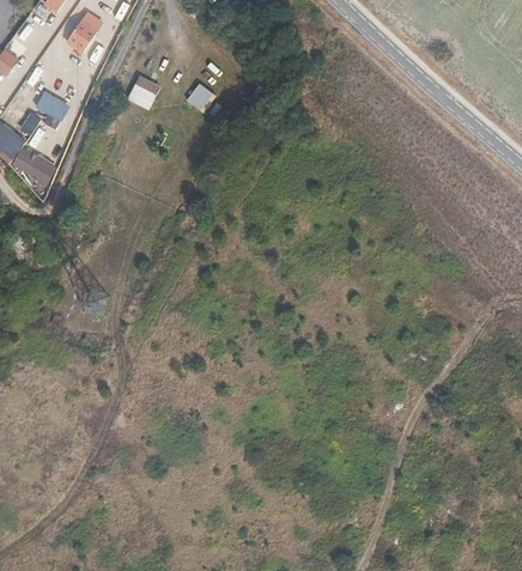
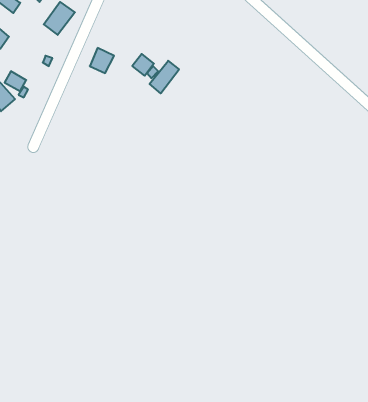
building: [34,90,68,119] -> none
building: none -> [150,61,179,93]
building: [10,145,57,184] -> none

